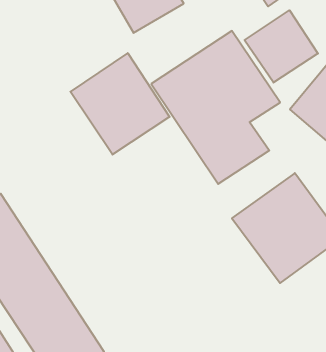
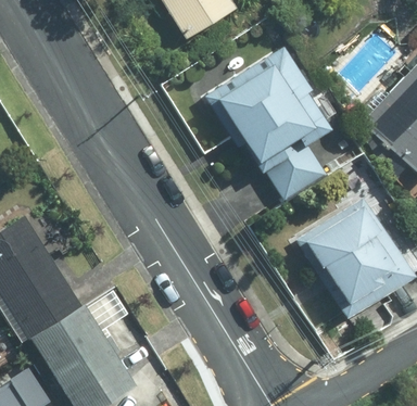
building: [245,10,318,83] -> none
building: [70,53,170,155] -> none

